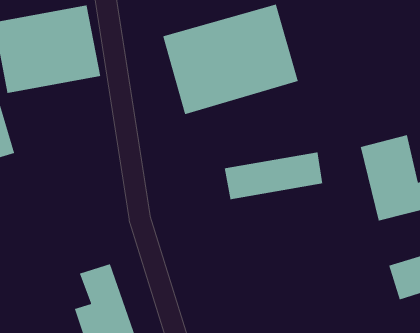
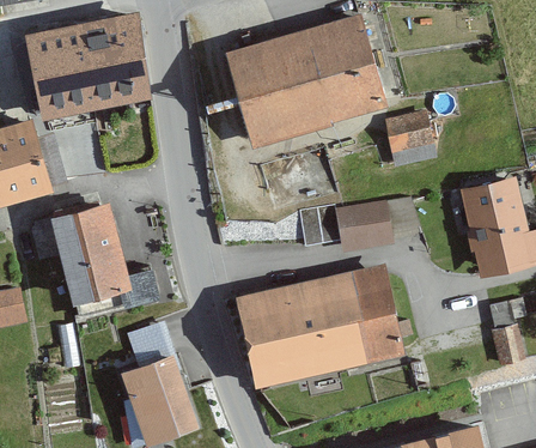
building: none -> [385,114,437,167]
building: none -> [50,205,132,307]
building: none -> [233,265,402,391]

